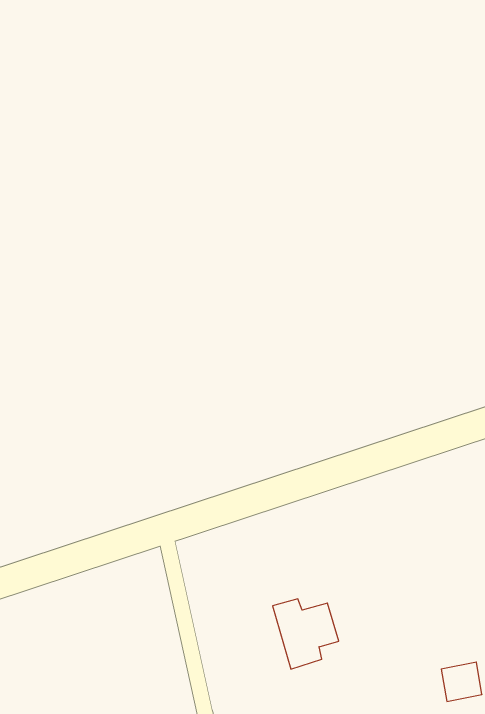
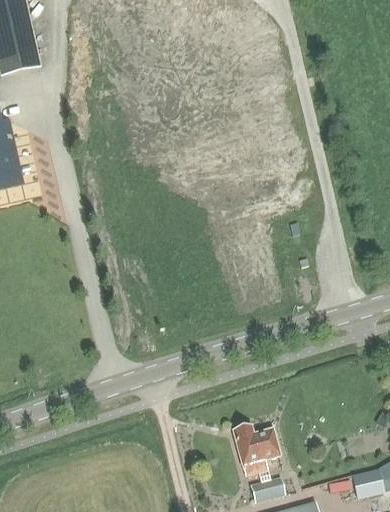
building: none -> [251,479,284,503]

